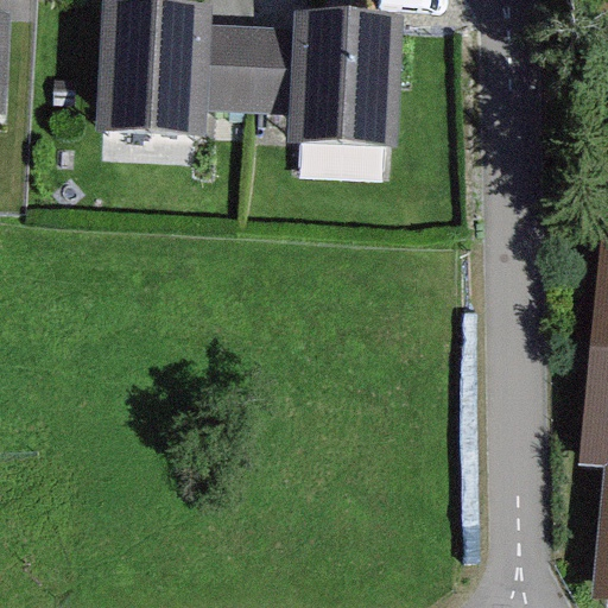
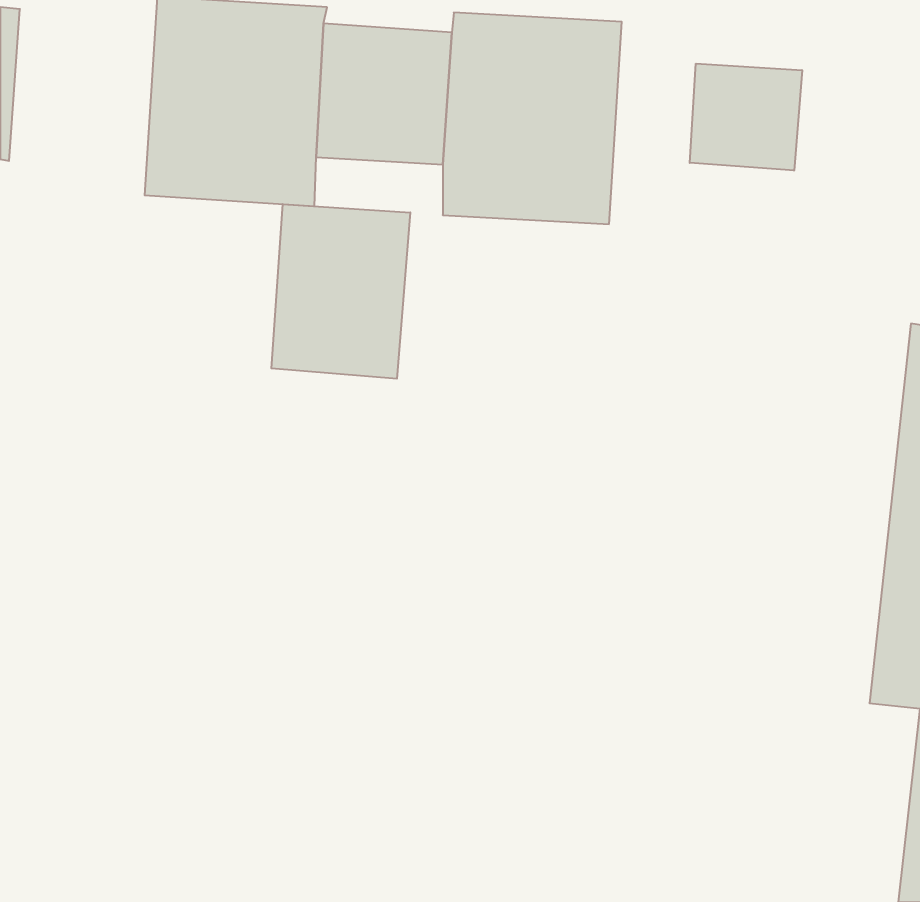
building: none -> [690,64,802,171]
building: none -> [271,204,410,379]

